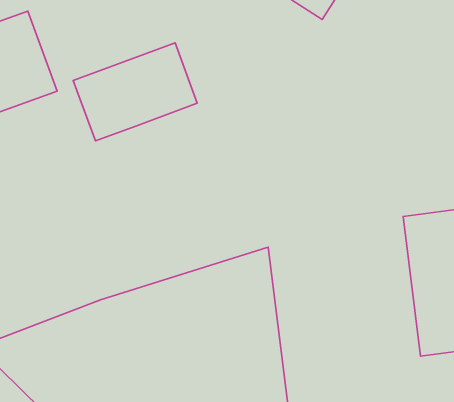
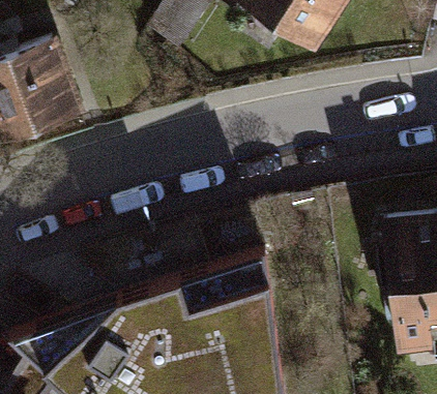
building: [73,43,197,141] -> none

